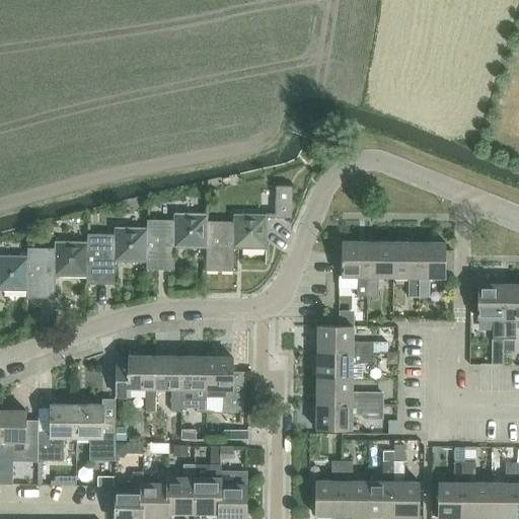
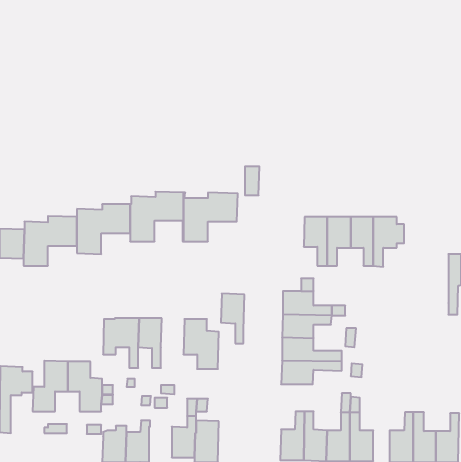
building: [476,285,503,340] -> none
building: [180,357,207,413] -> [221,294,244,343]
building: [167,465,194,513] -> none

